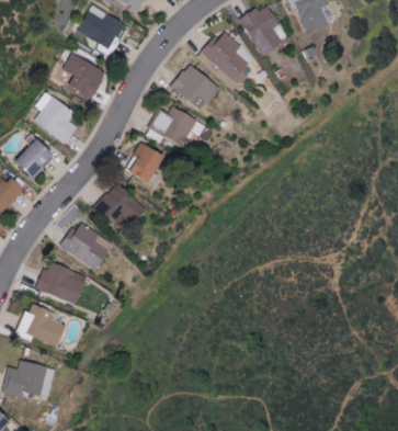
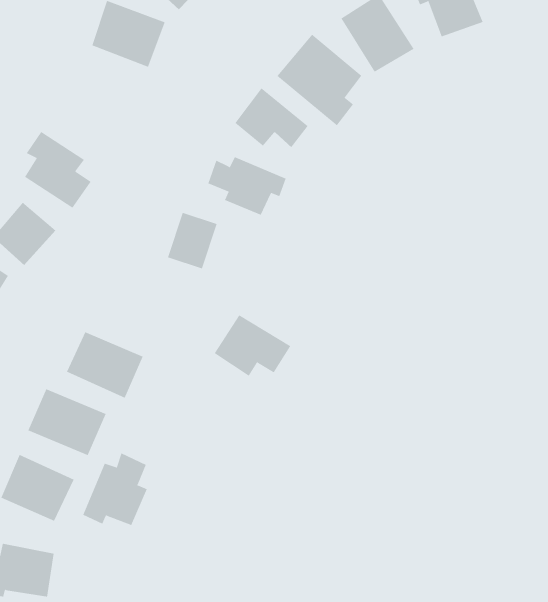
building: [61,54,104,99] -> none
building: [94,184,145,225] -> [214,314,291,377]
building: none -> [83,453,147,526]

